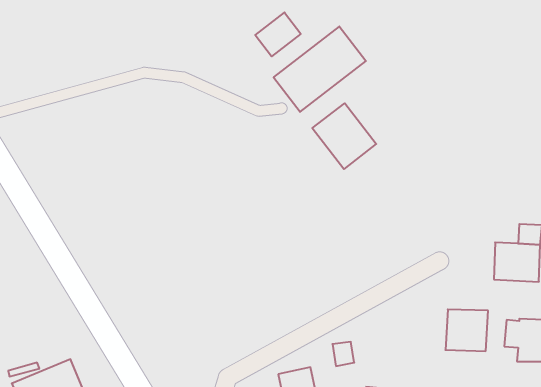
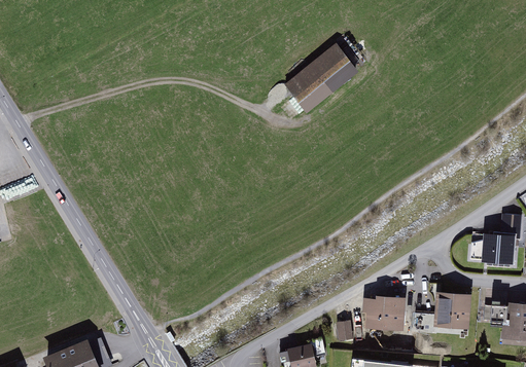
building: [255,12,301,56] -> none
building: [312,103,376,169] -> none
building: none -> [361,296,406,332]

